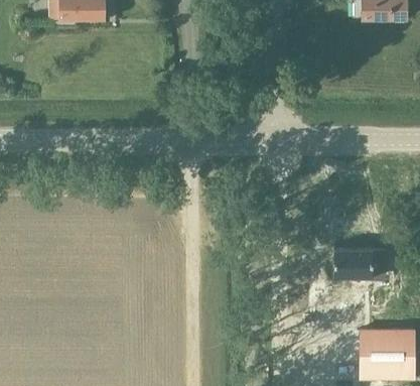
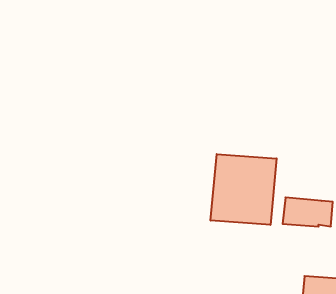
building: none -> [211,154,277,225]

